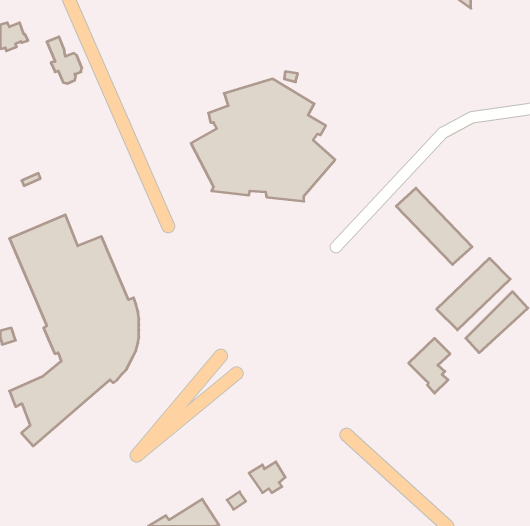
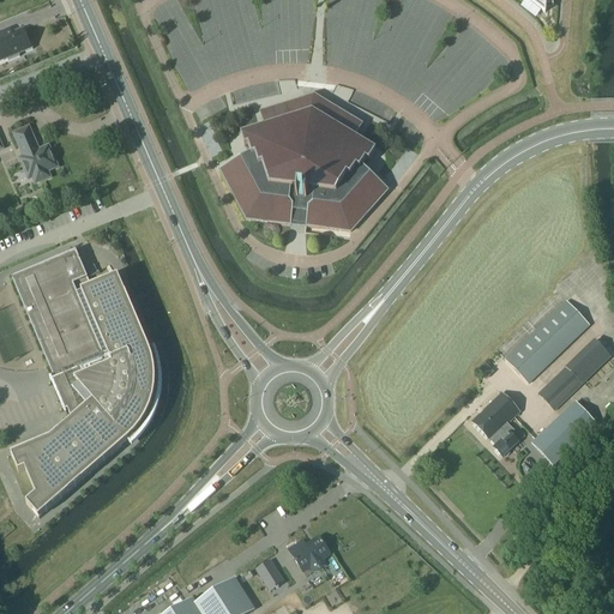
building: [47,37,82,83] -> [14,126,55,180]
building: [396,188,472,265] -> none
building: none -> [531,399,596,463]

